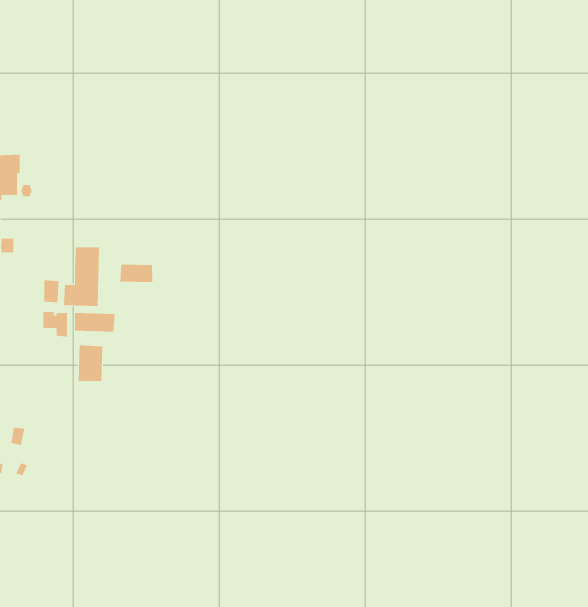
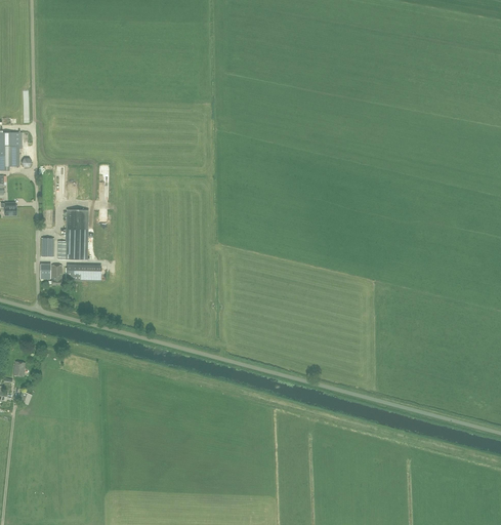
building: [120,264,153,283] -> none
building: [78,345,103,382] -> none

